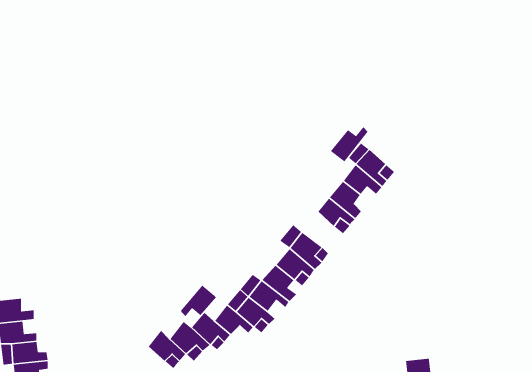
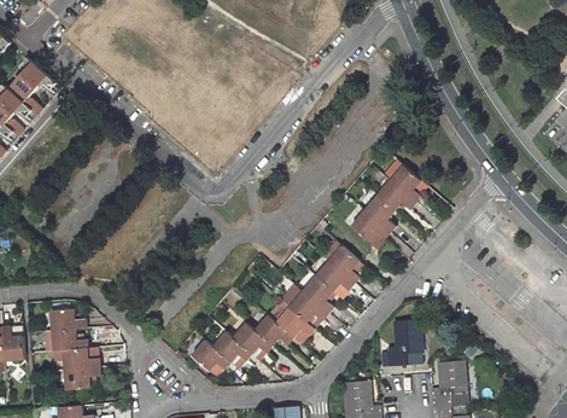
building: [330,126,368,163] -> none
building: [180,284,217,317] -> none
building: none -> [381,324,416,371]

